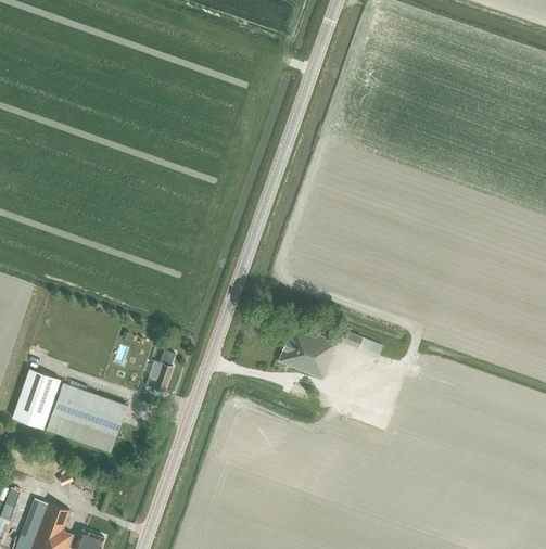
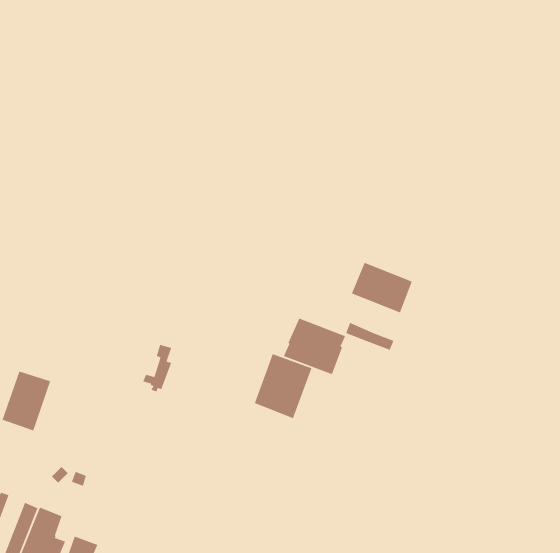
building: none -> [351,262,413,314]
building: none -> [254,353,313,419]
building: [46,383,126,452] -> none

